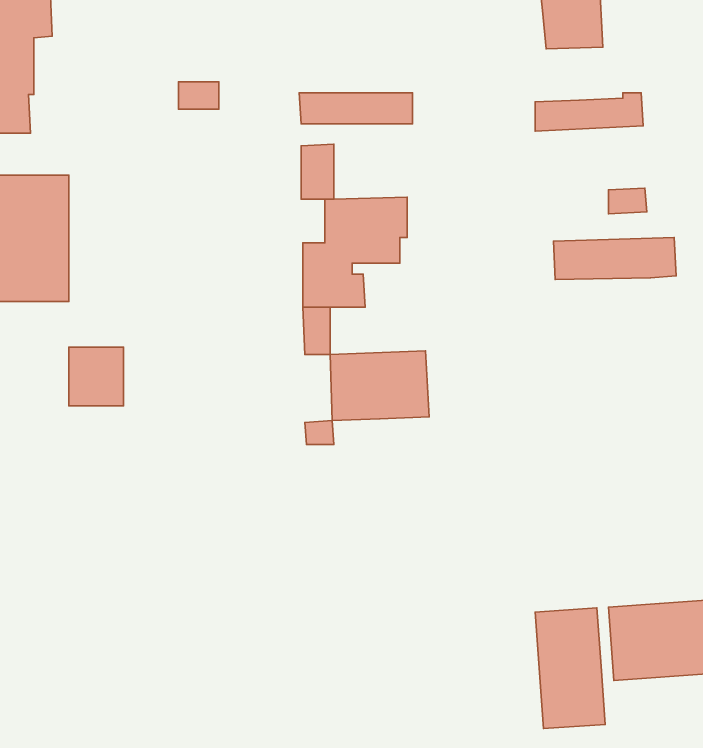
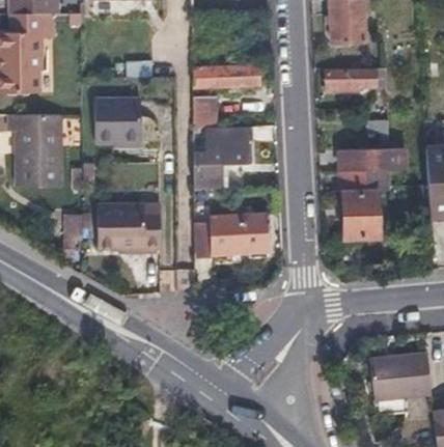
building: none -> [100,97,146,143]
building: none -> [338,171,393,239]
building: none -> [102,205,163,252]
building: [535,608,605,729] -> none

